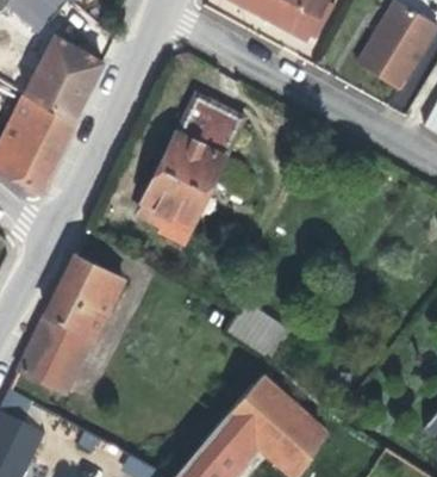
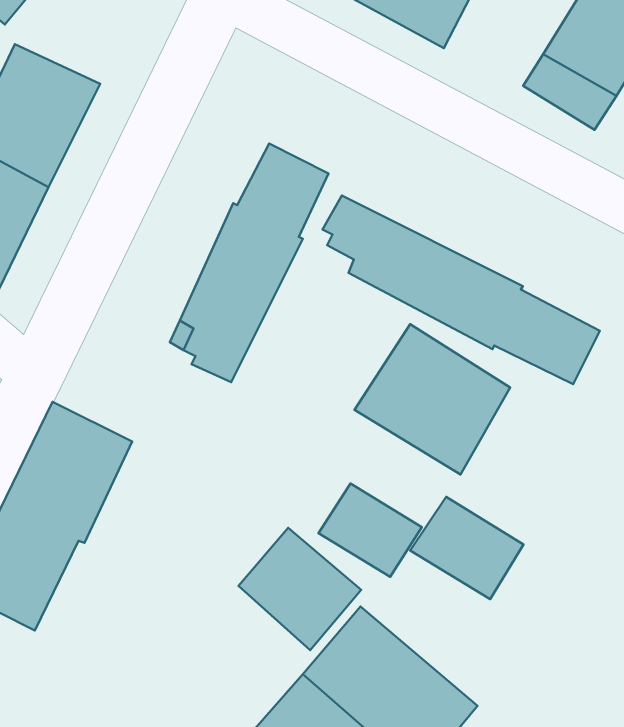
building: none -> [322,196,600,384]
building: none -> [355,324,510,475]
building: none -> [410,497,524,599]
building: none -> [238,528,361,650]

